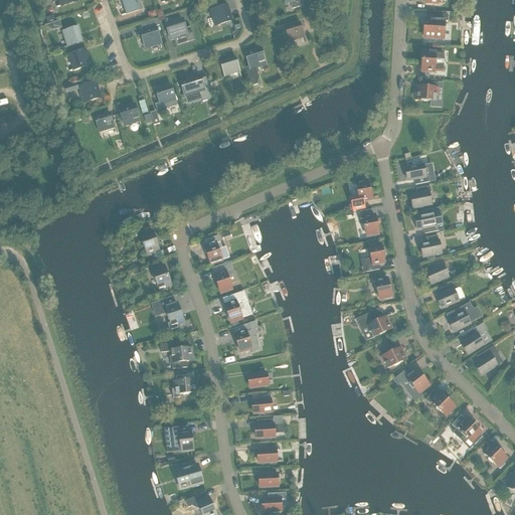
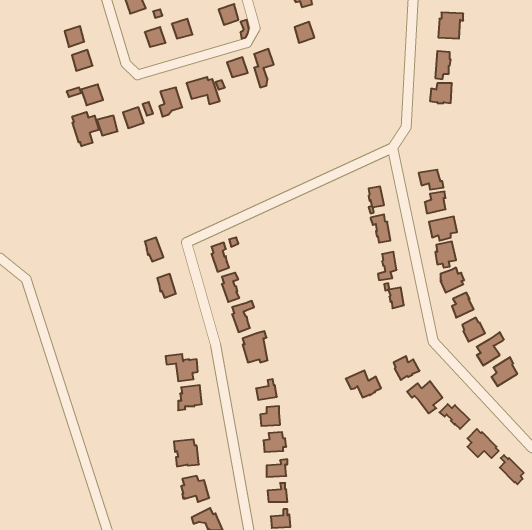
building: none -> [72,112,99,146]
building: [151,296,183,329] -> none
building: [356,310,390,336] -> [346,370,381,397]

